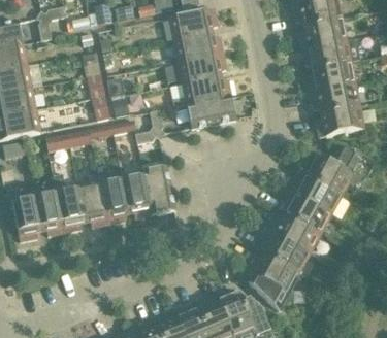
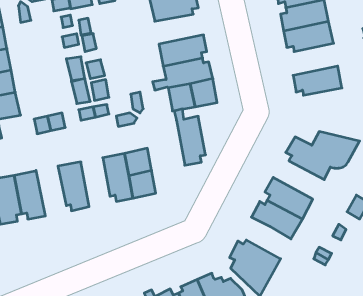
building: [174,32,223,62] -> none
building: [308,61,356,93] -> none
building: [317,105,365,137] -> none
building: [99,167,130,223] -> [174,109,206,165]
building: [54,174,87,232] -> none
building: [292,177,343,215] -> none
building: [262,233,310,274] -> none

